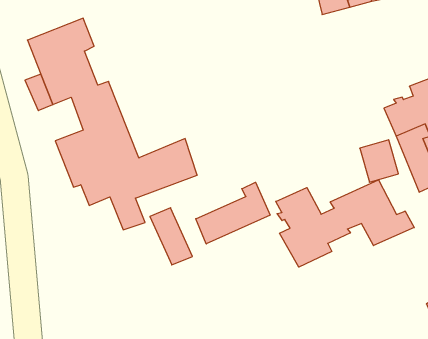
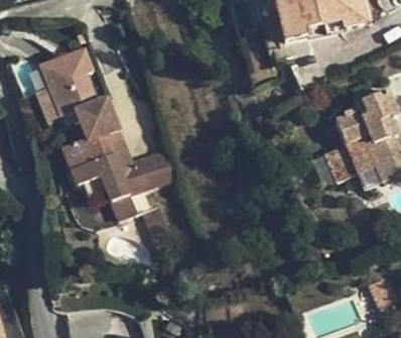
building: [276,180,414,267] -> none
building: [196,182,270,244] -> none

